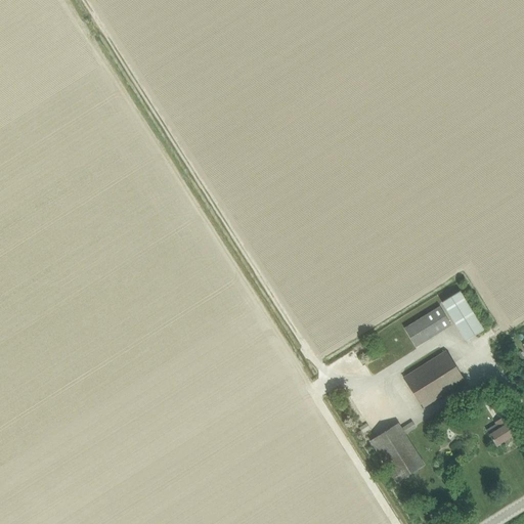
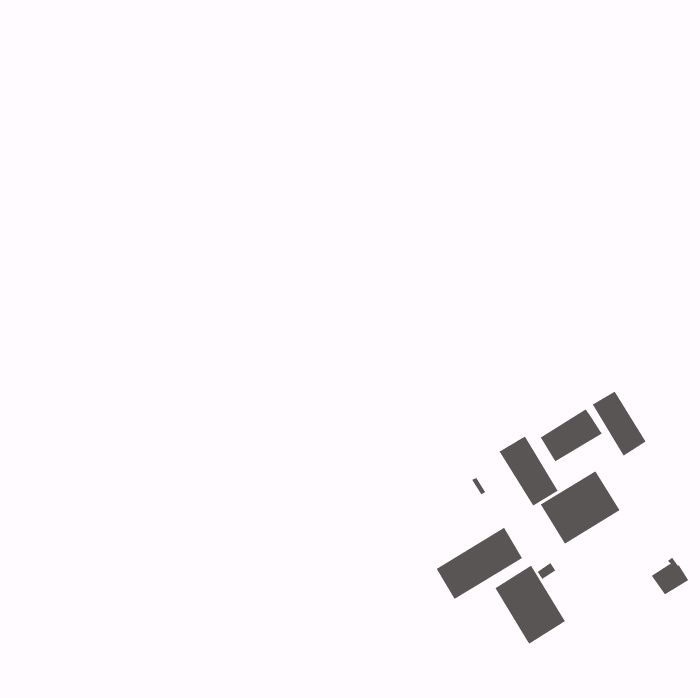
building: none -> [498,436,559,507]
building: none -> [436,527,523,600]

